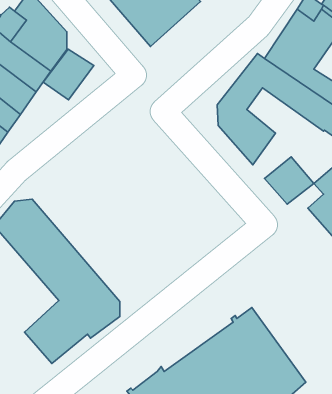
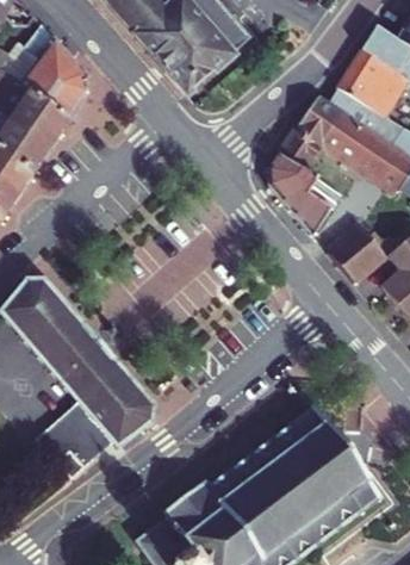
building: [43,49,94,100] -> none

